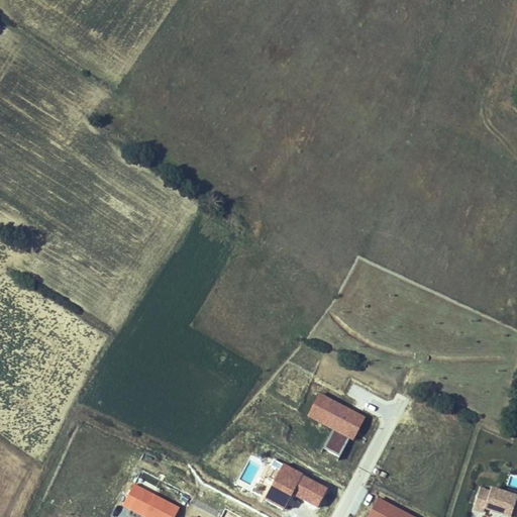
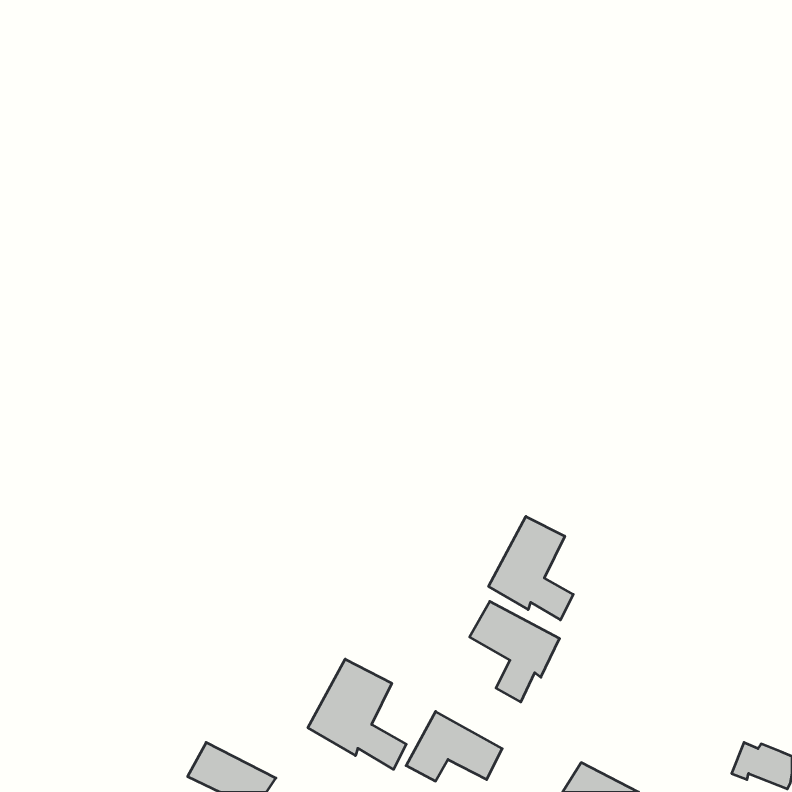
building: none -> [489,516,573,620]
building: none -> [308,659,406,769]

